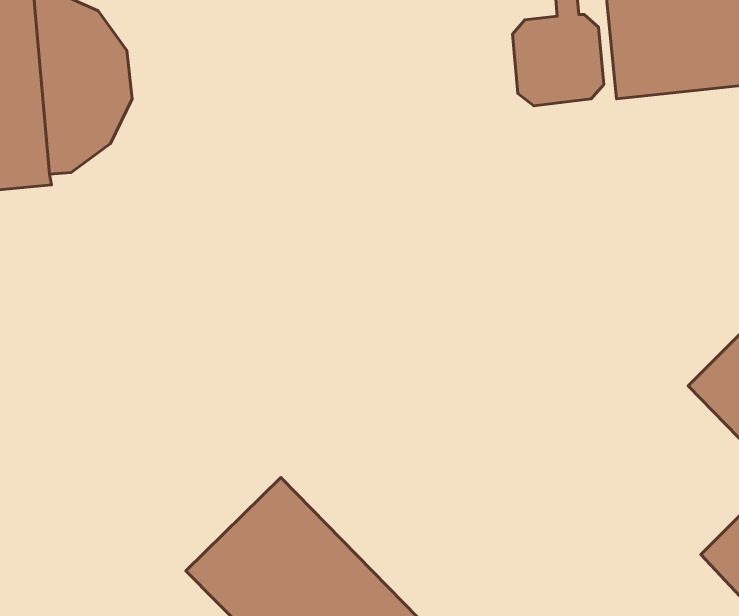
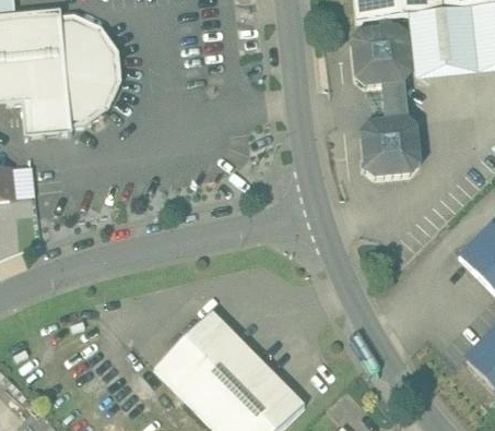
building: none -> [363,81,419,177]

